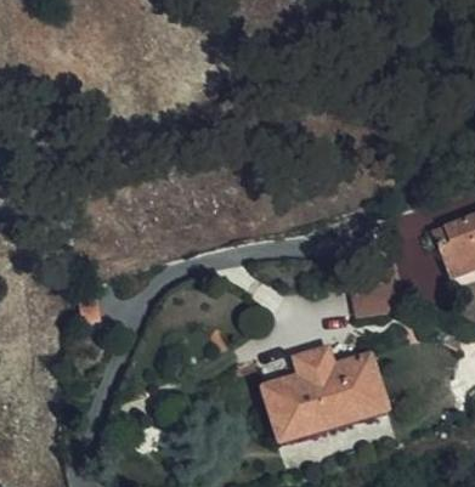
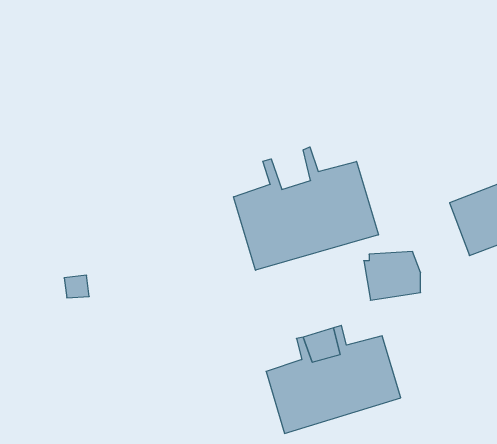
building: none -> [234,147,378,270]

